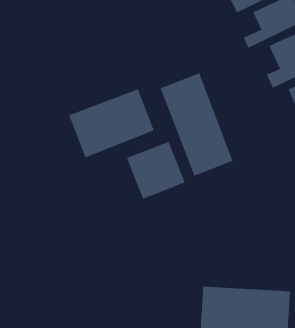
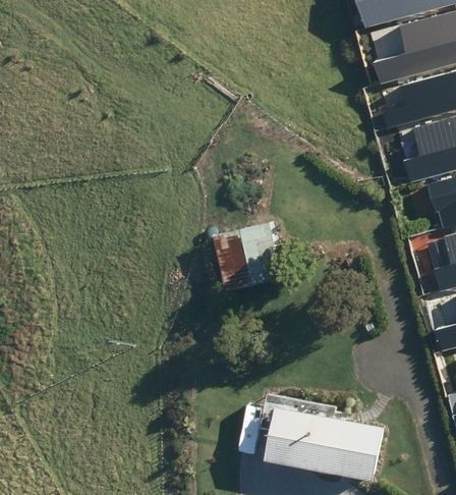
building: [160,73,233,177] -> none
building: [68,89,155,158] -> none

